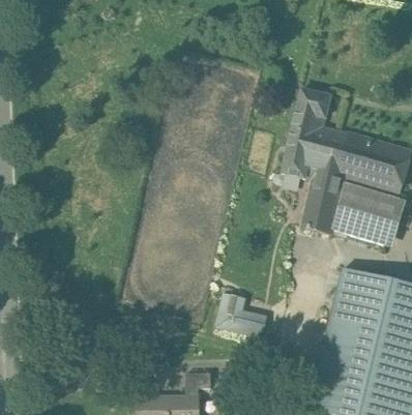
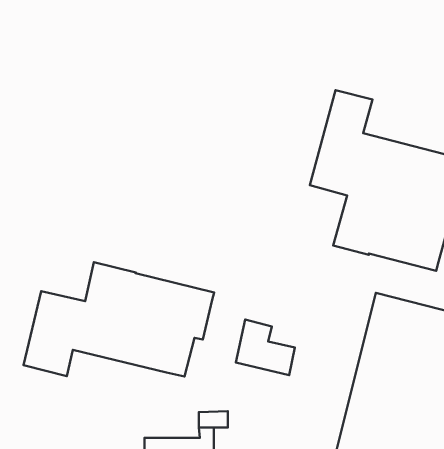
building: none -> [24,262,214,377]

